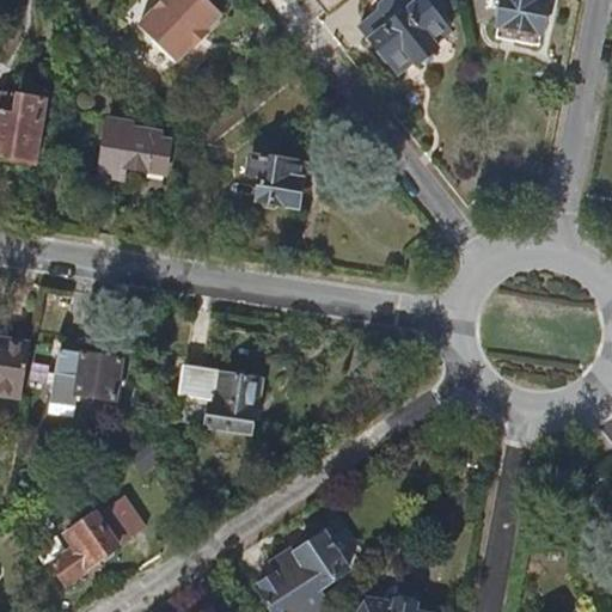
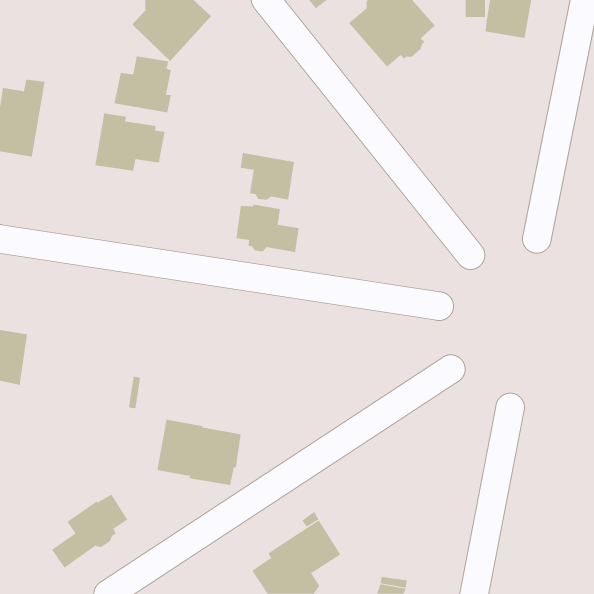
building: none -> [114,55,172,113]
building: none -> [236,204,299,253]
building: [53,350,123,404] -> none
building: [176,365,263,433] -> [156,419,241,485]

